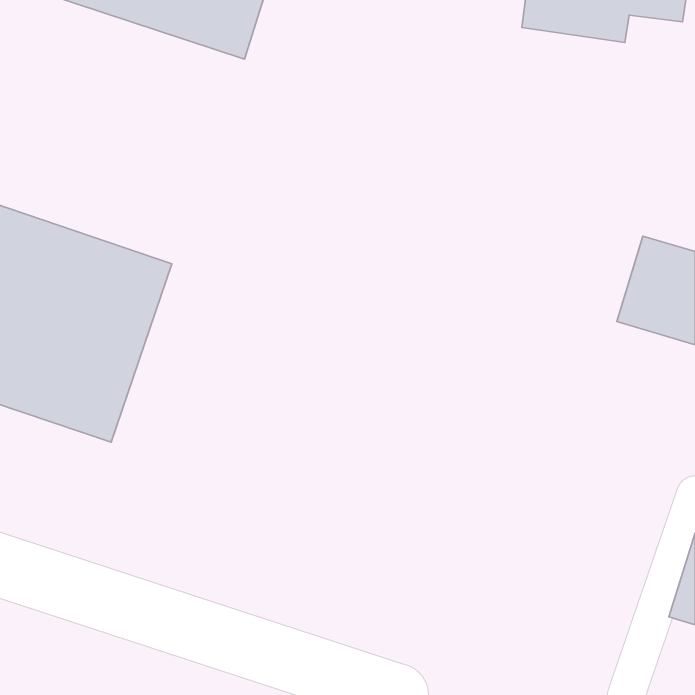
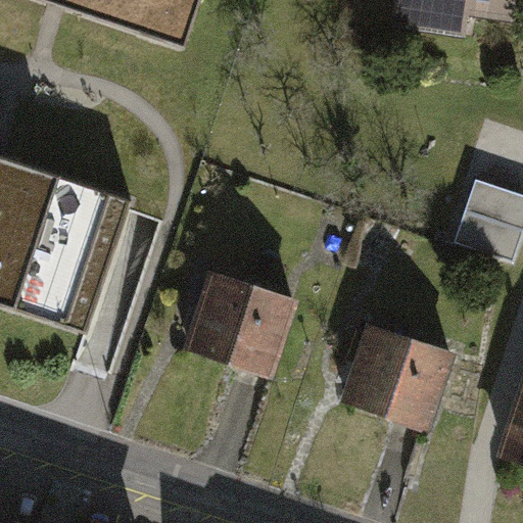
building: none -> [185,267,293,373]
building: none -> [339,323,447,430]

